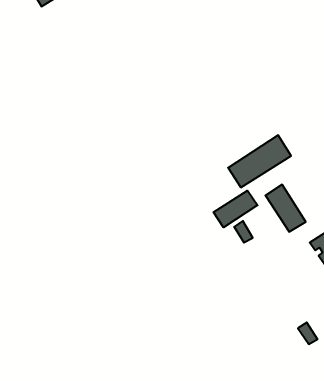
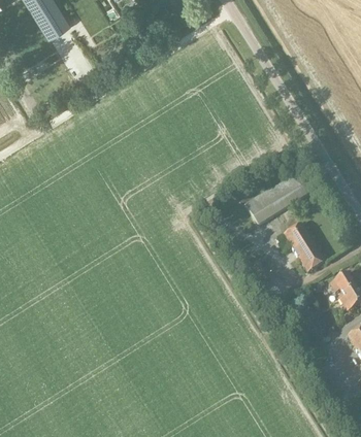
building: [214,191,258,227] -> none

